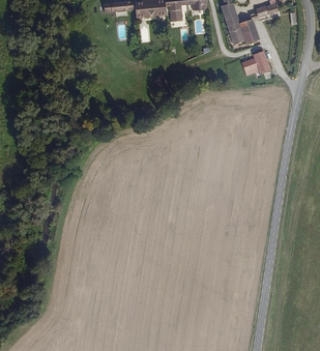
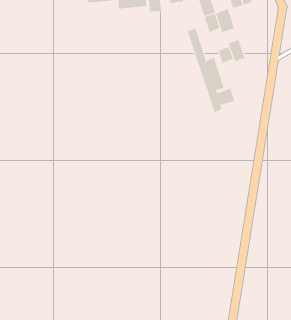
building: none -> [187,28,235,113]

